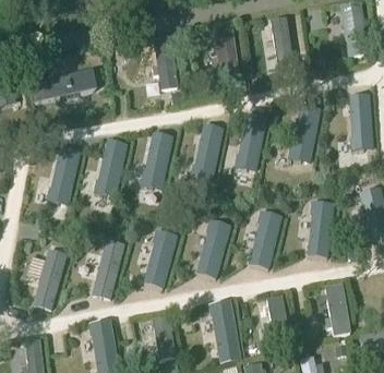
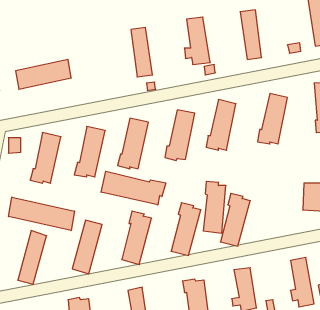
building: none -> [101,171,166,205]
building: [309,203,333,257] -> [203,181,226,233]
building: none -> [9,197,74,231]

